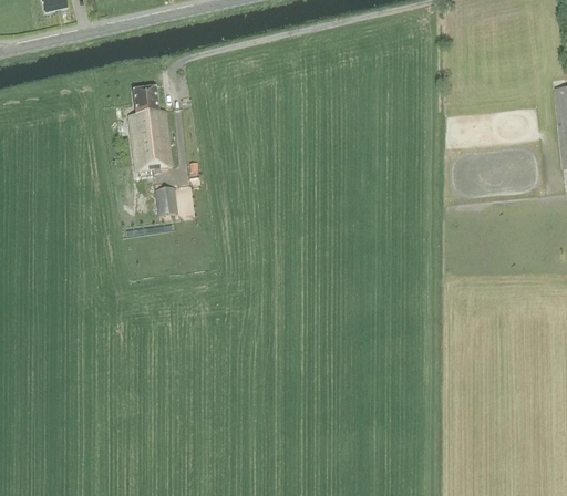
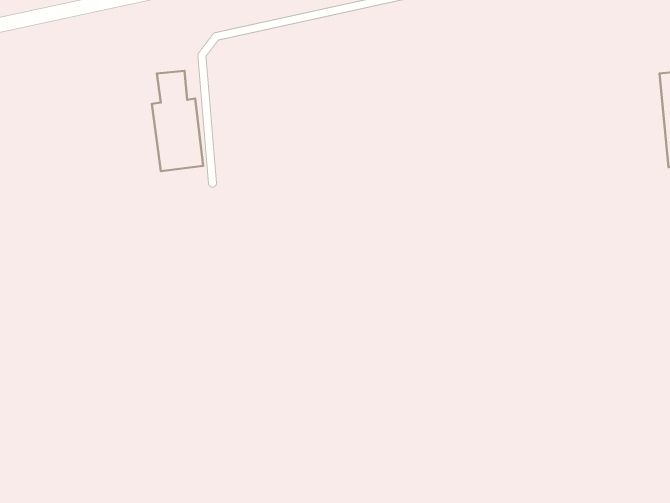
building: [155,186,178,216] -> none

